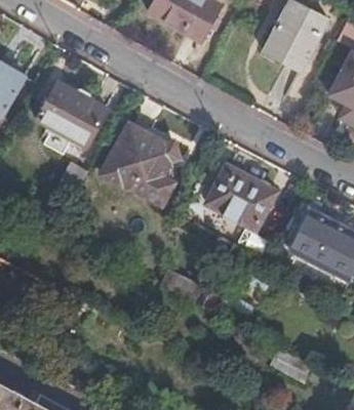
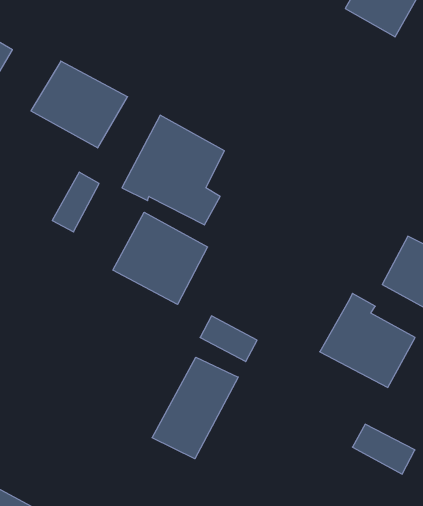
building: [208,161,277,229] -> [320,293,415,387]
building: none -> [113,212,208,304]
building: none -> [152,357,238,459]

